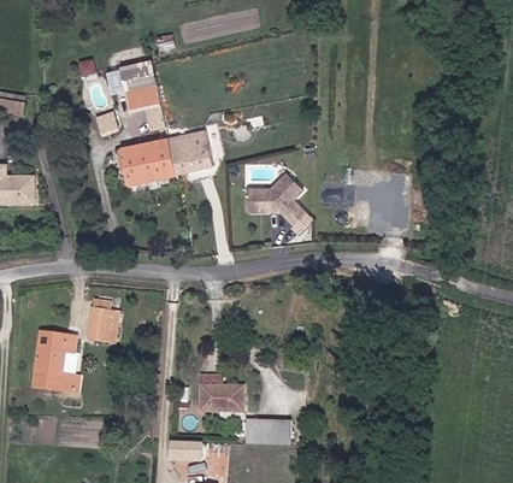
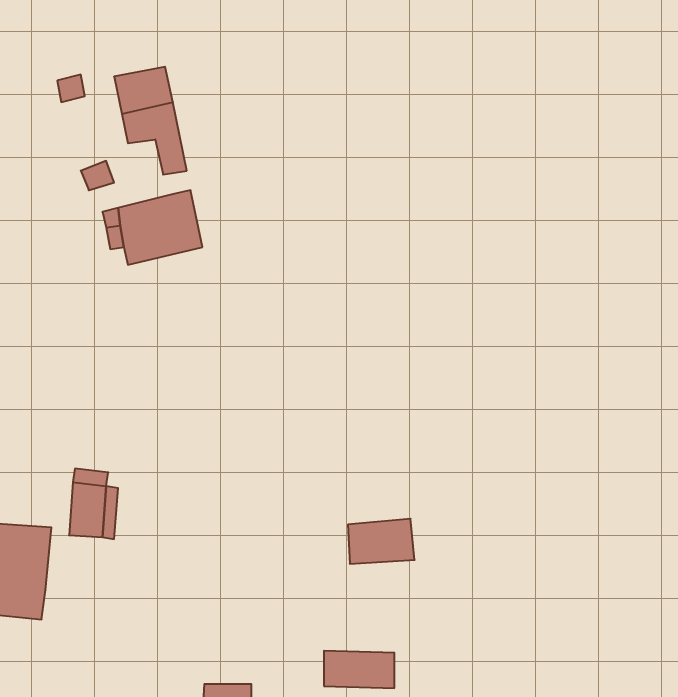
building: [164,125,217,170] -> none
building: [242,170,299,222] -> none
building: [201,385,242,413] -> [348,519,415,564]

